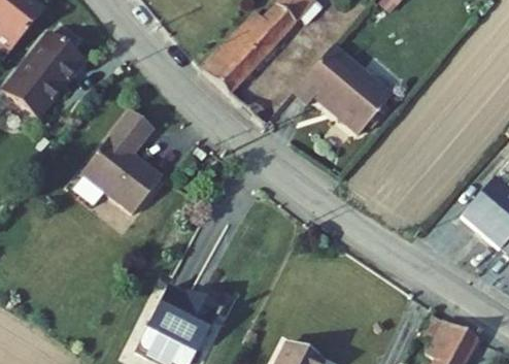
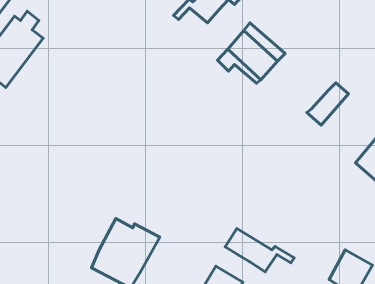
building: [205,24,280,95] -> none
building: [340,79,391,131] -> [307,83,348,125]
building: [79,107,160,211] -> none
building: none -> [225,229,294,272]

